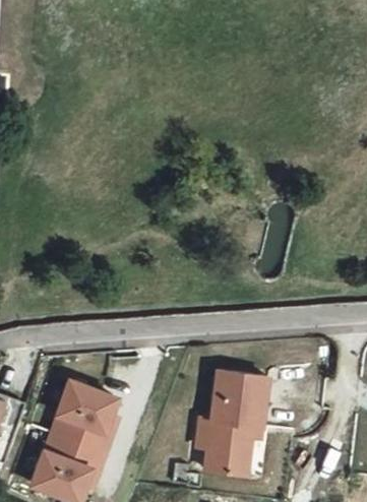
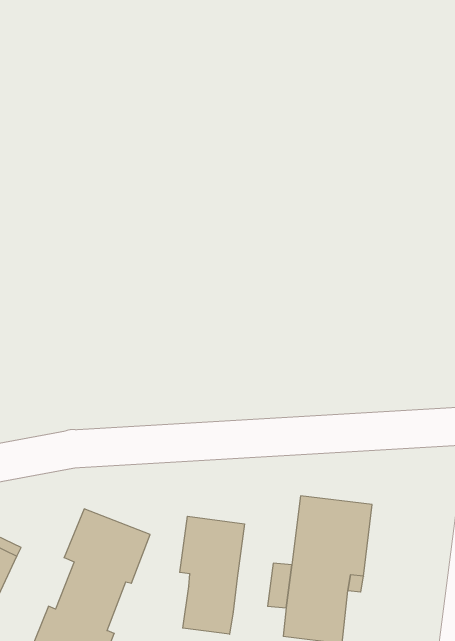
building: none -> [180,516,244,634]

